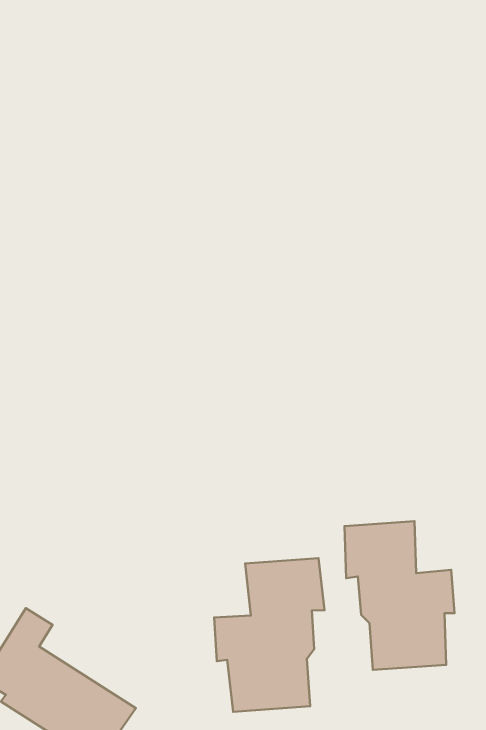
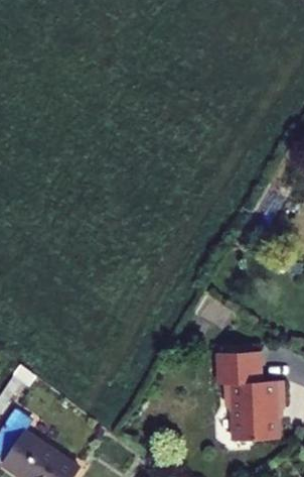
building: [214,558,324,712] -> none

